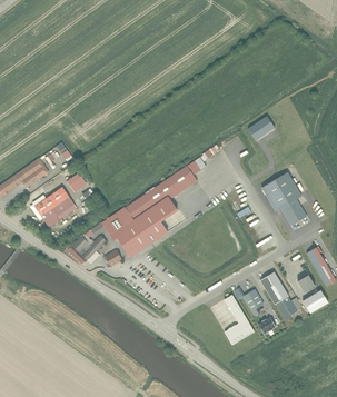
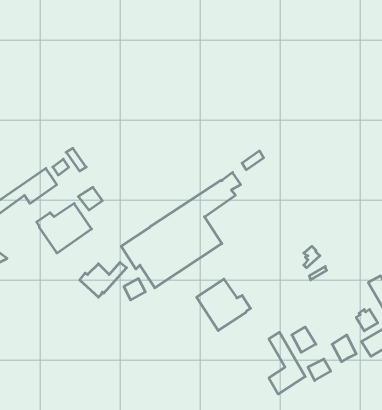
building: [260,169,307,225] -> none
building: none -> [197,279,251,331]
building: [259,272,288,305] -> none

